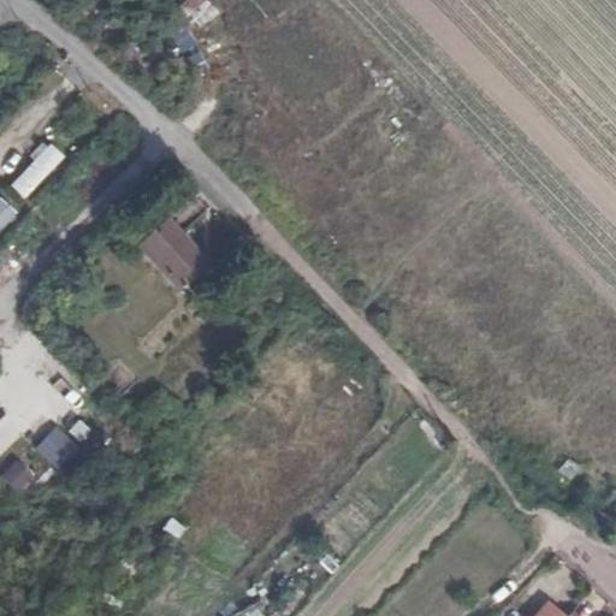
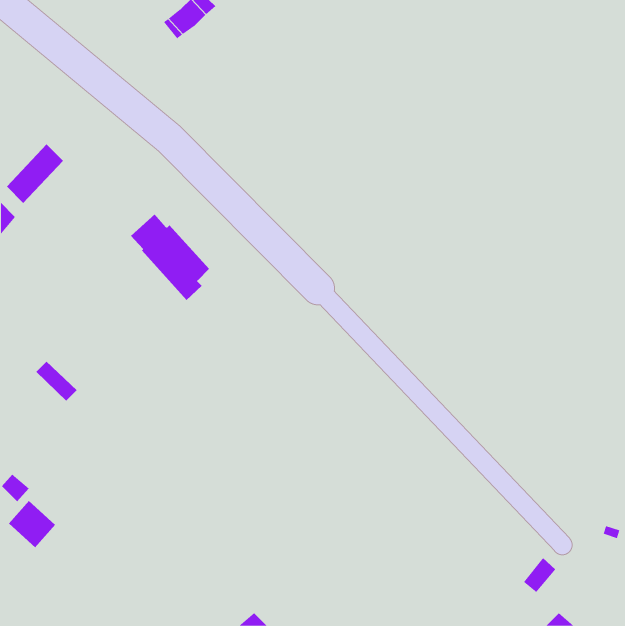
building: [36,425,83,472] -> [8,500,56,548]

